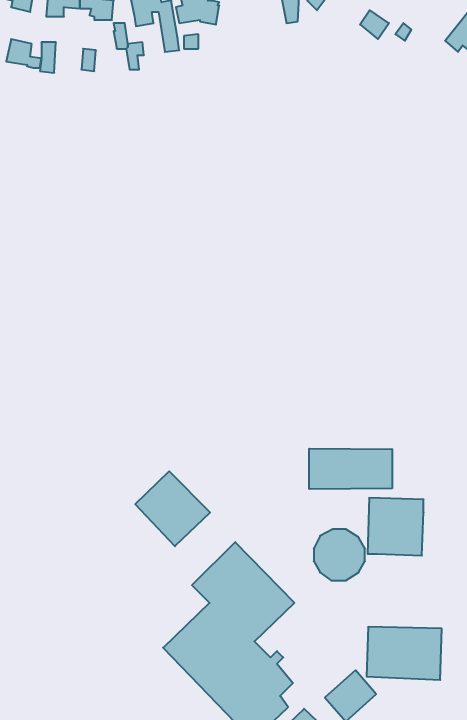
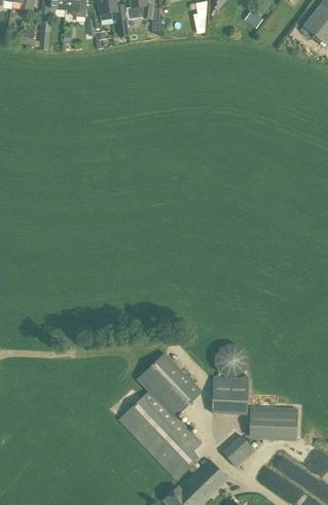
building: [309,449,392,489] -> none
building: [135,471,210,546] -> none
building: [368,498,424,556] -> [211,376,247,413]

